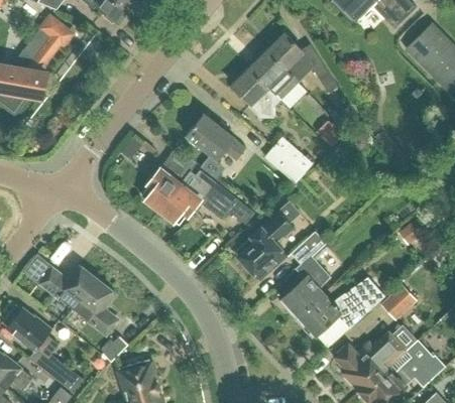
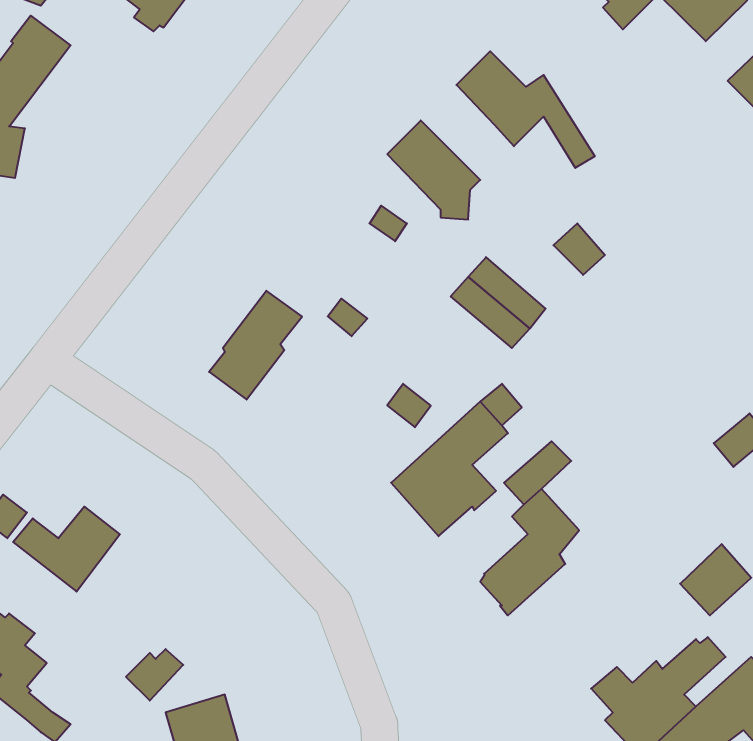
building: [249,49,297,98] -> none
building: [186,113,246,160] -> none
building: [160,170,236,224] -> none
building: [294,277,384,338] -> none
building: [74,278,115,332] -> none

